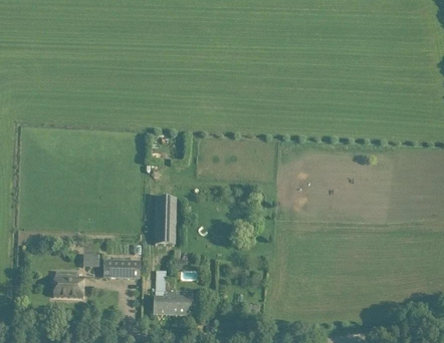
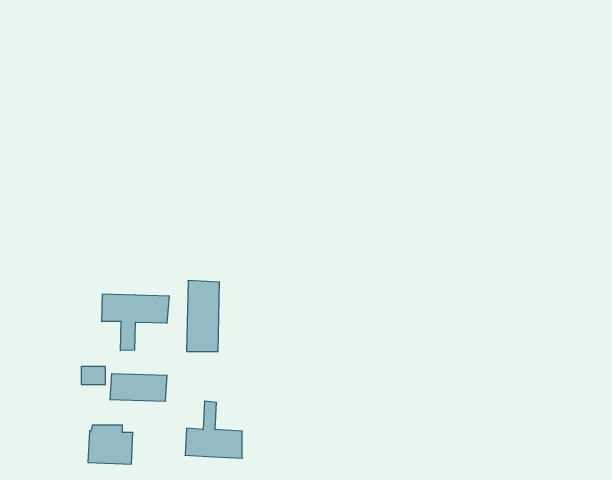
building: none -> [102,294,169,351]
building: [53,271,83,297] -> [88,425,133,464]

